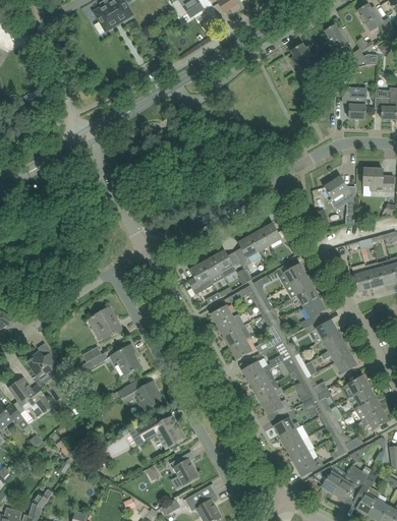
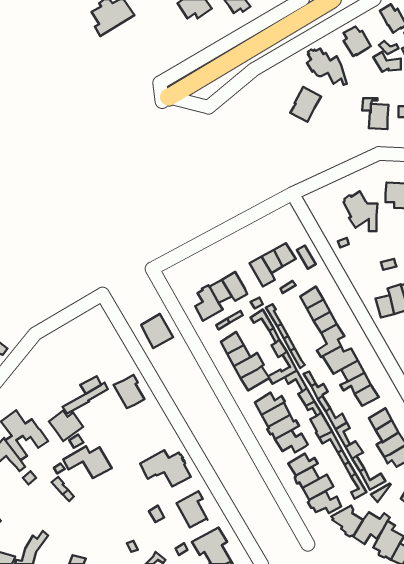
building: none -> [290,87,321,122]
building: [92,307,121,339] -> [141,314,173,348]
building: [26,351,58,380] -> [49,410,83,441]
building: [117,381,162,410] -> [63,446,112,478]

